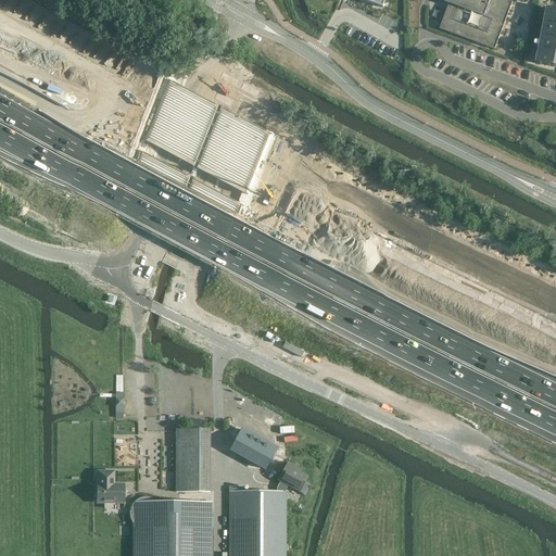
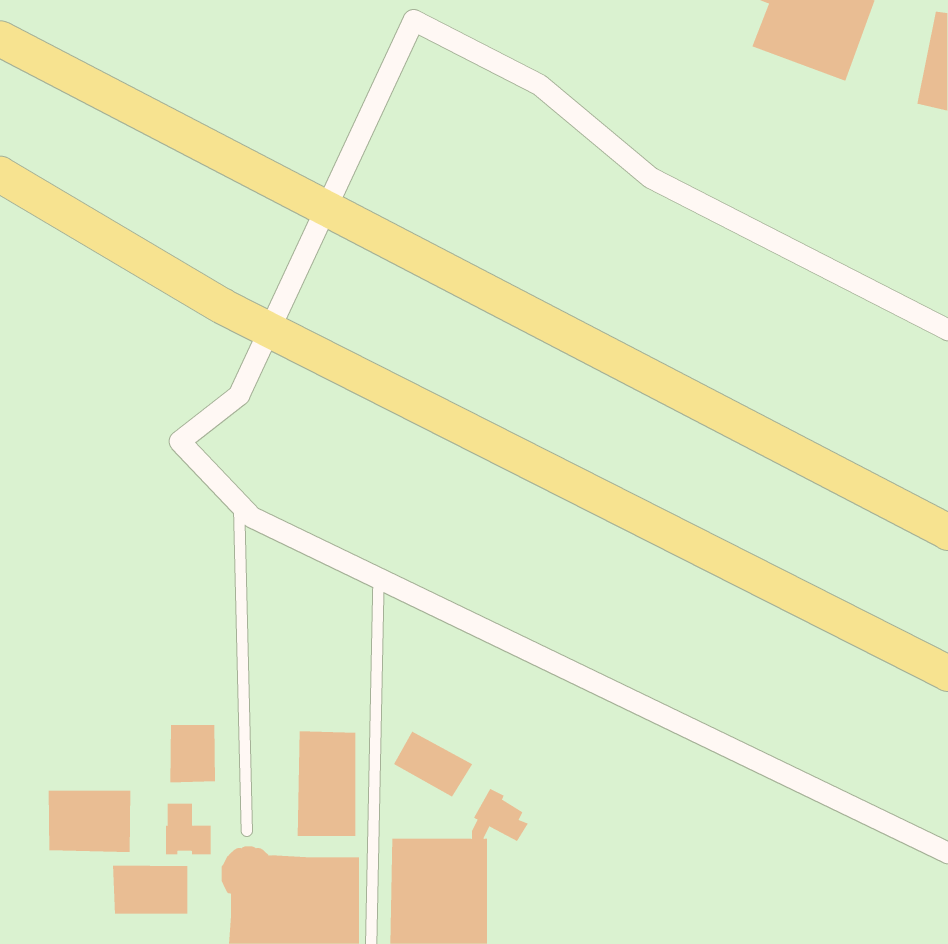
building: none -> [170,724,215,783]
building: none -> [48,790,131,853]
building: none -> [113,865,188,915]

